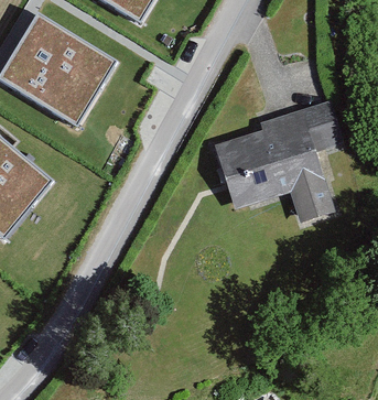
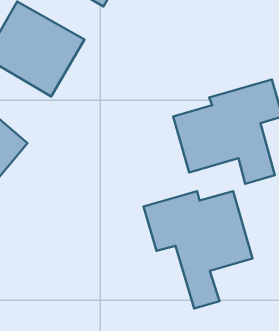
building: none -> [143,191,252,308]

